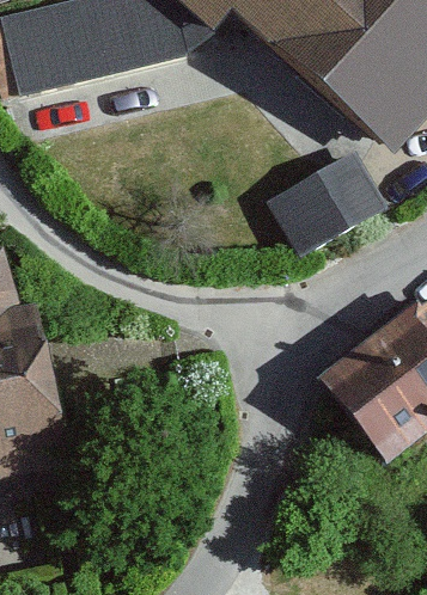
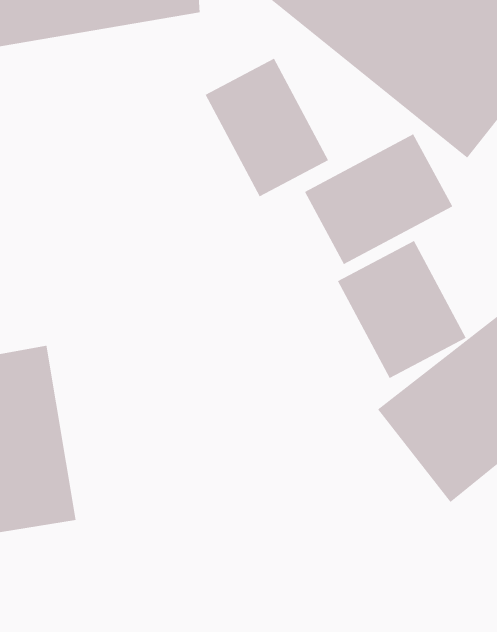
building: none -> [205,58,329,197]
building: none -> [337,240,467,379]

